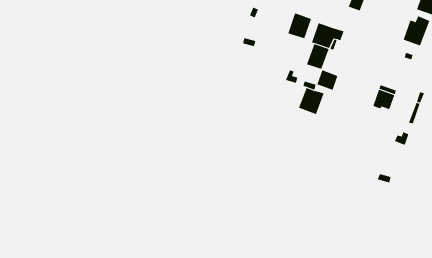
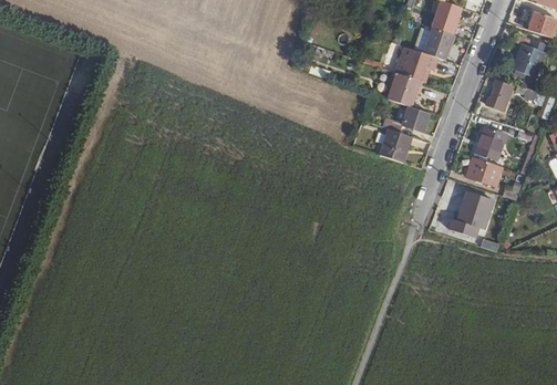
building: [288,13,312,39] -> [423,27,454,60]
building: none -> [485,79,512,110]
building: none -> [466,157,502,187]
building: none -> [455,192,492,230]

